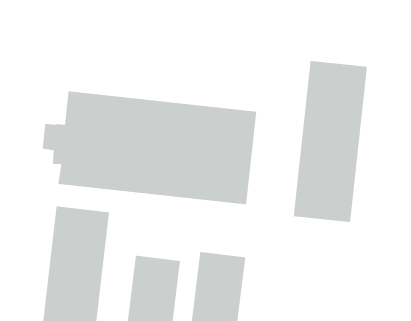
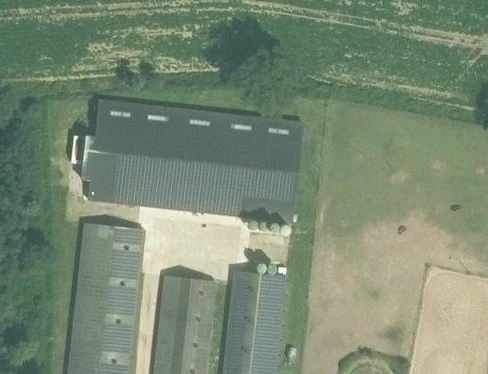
building: [293,60,367,223] -> none

